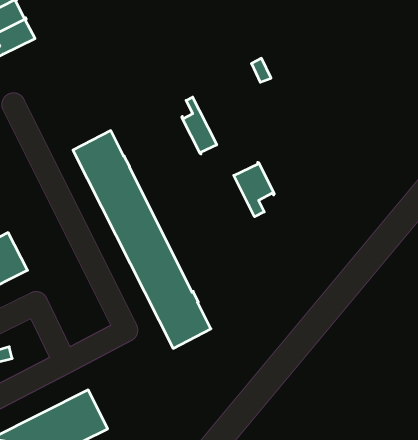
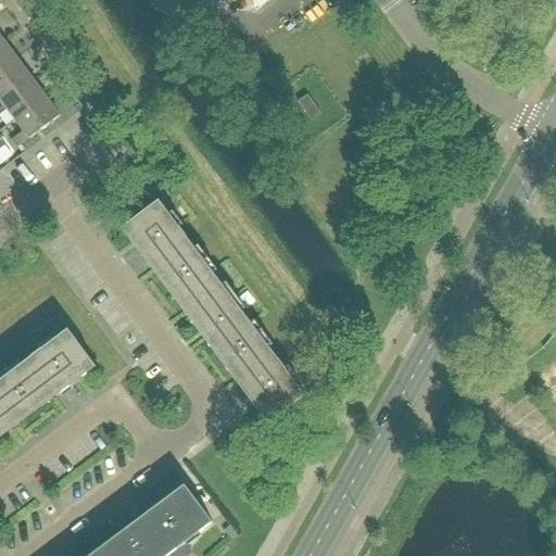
building: [182,97,217,154] -> none
building: [234,162,274,217] -> none

